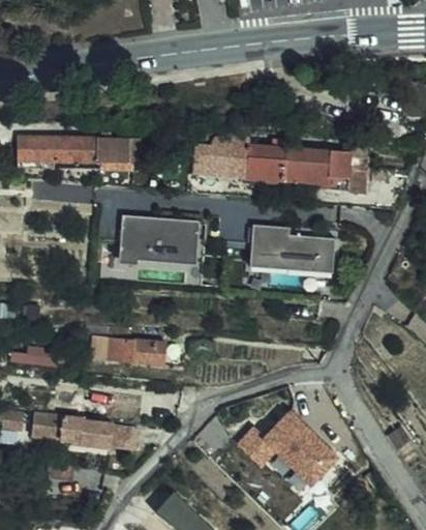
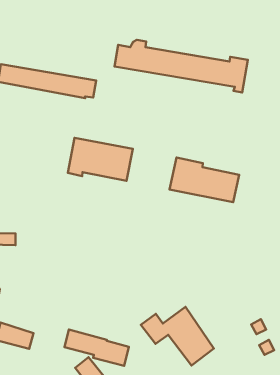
building: [189,136,357,186] -> [115,40,248,93]
building: [103,341,159,370] -> none
building: [60,417,142,454] -> [64,330,129,366]

